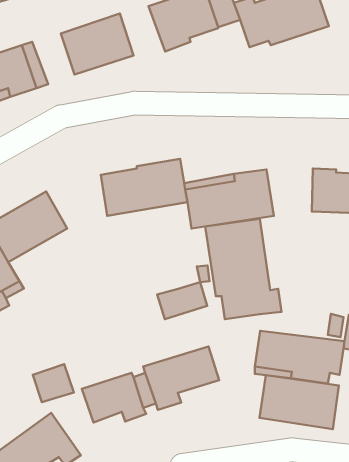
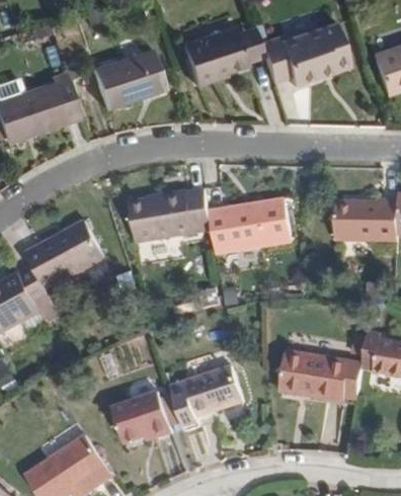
building: [205,219,281,319] -> none
building: [157,282,207,319] -> none
building: [33,364,74,402] -> none
building: [259,375,339,429] -> none

